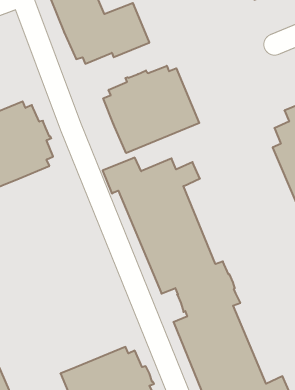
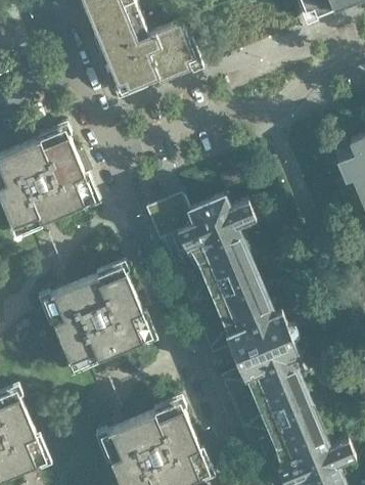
building: [103,66,199,153] -> none
building: none -> [43,268,150,370]

